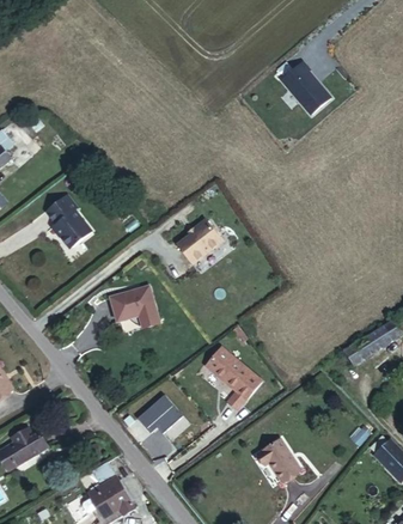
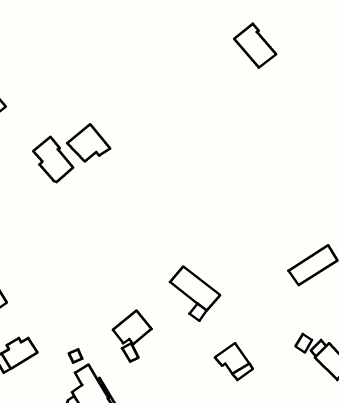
building: none -> [67,124,110,161]
building: [175,215,220,261] -> none
building: [108,284,157,328] -> none

